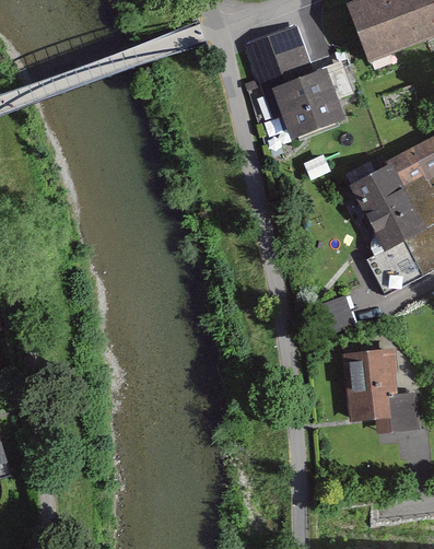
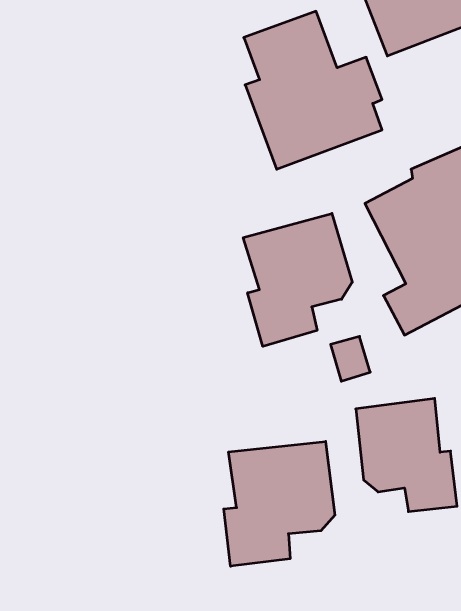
building: none -> [243,213,352,346]
building: none -> [224,441,335,566]

